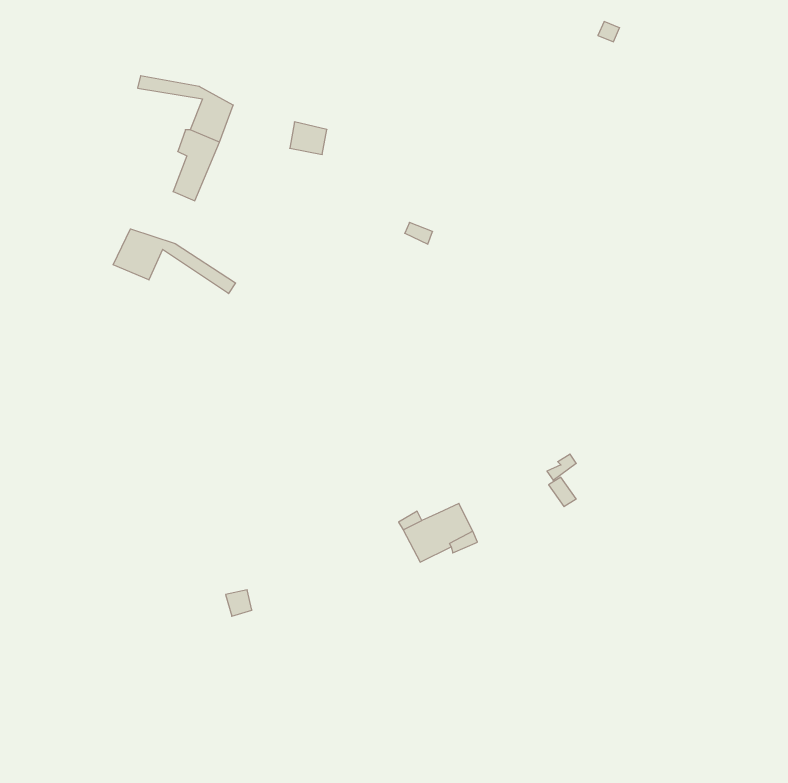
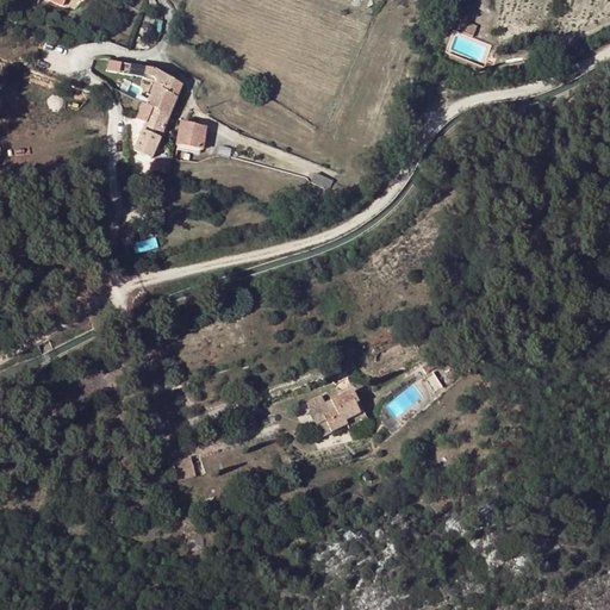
building: [290,122,327,154] -> [178,120,206,145]
building: [113,229,236,294] -> none

